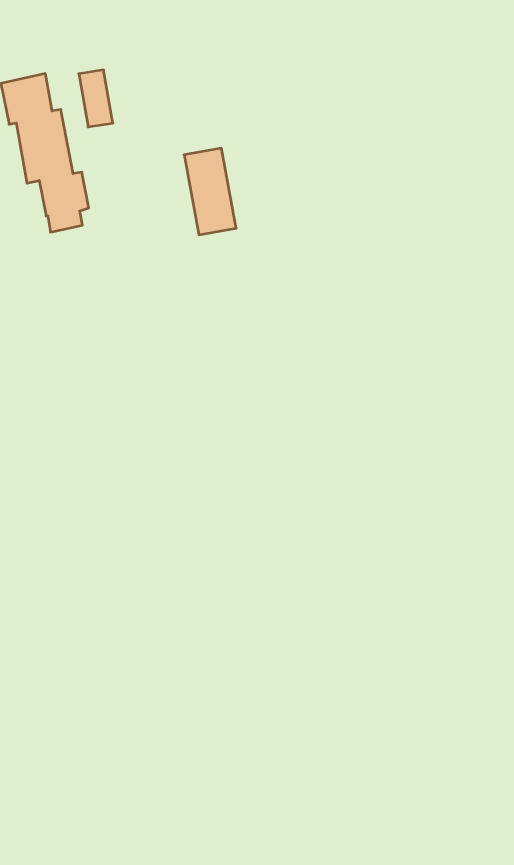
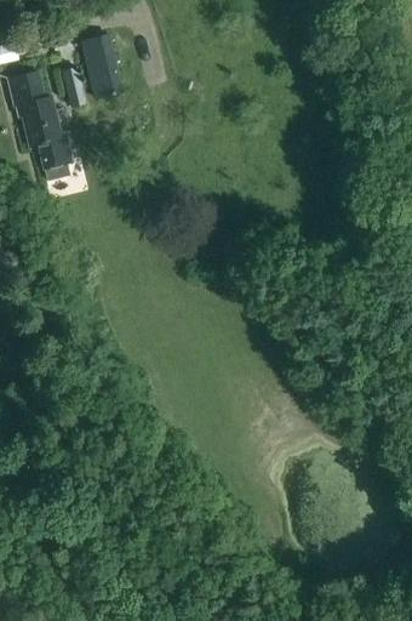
building: [184,148,236,235] -> [82,34,121,95]

